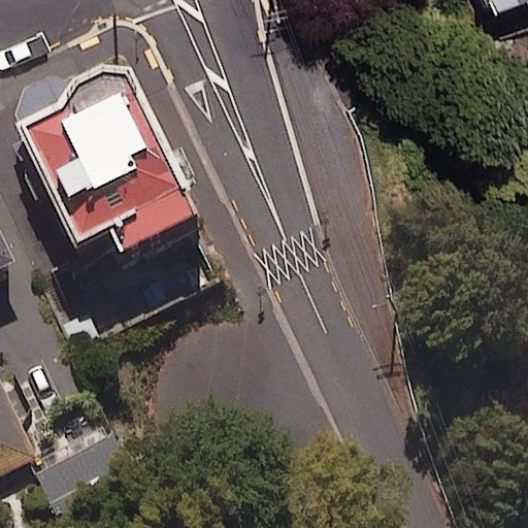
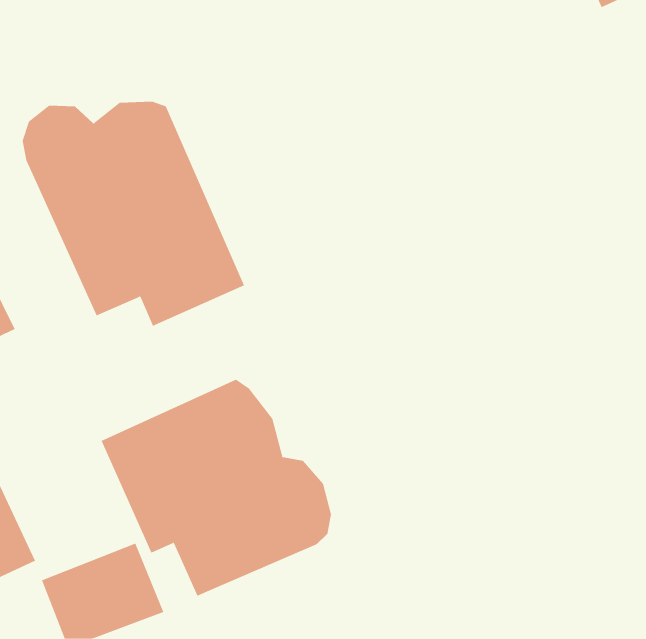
building: none -> [101,379,332,597]

